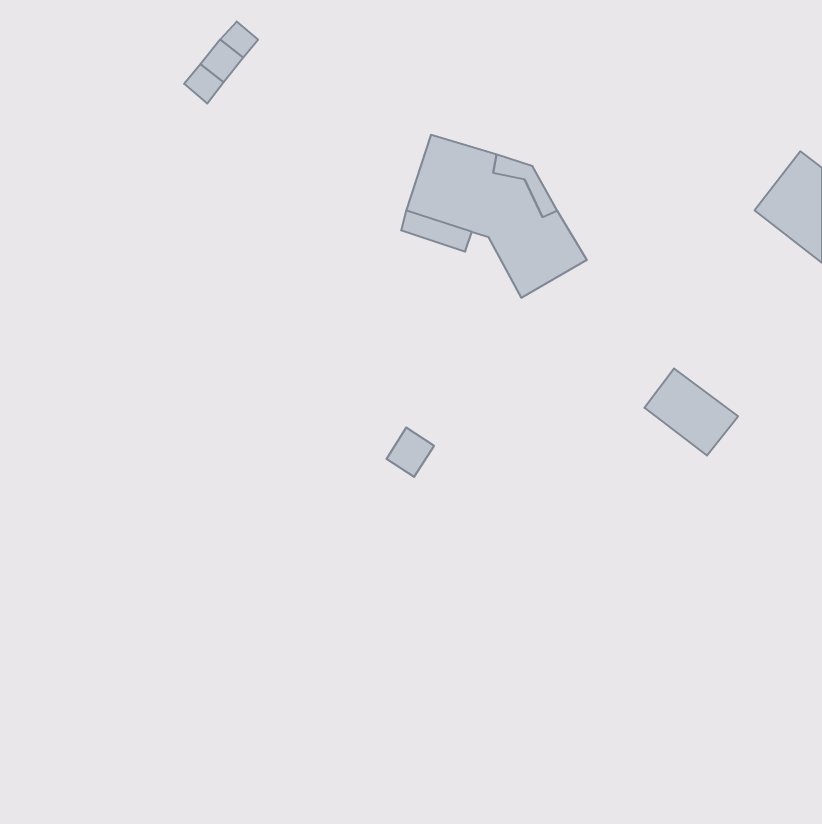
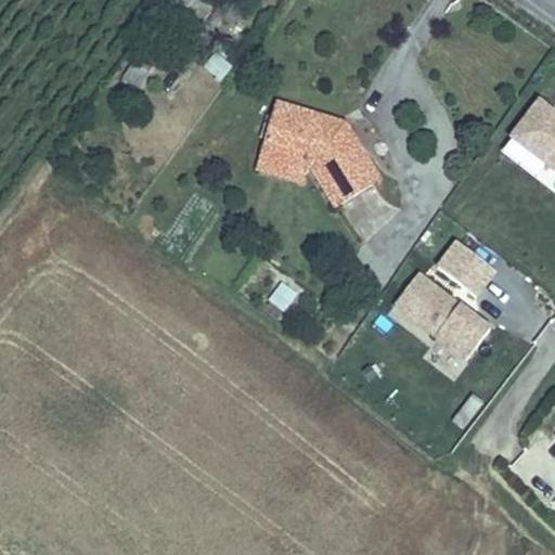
building: none -> [382,285,481,375]

